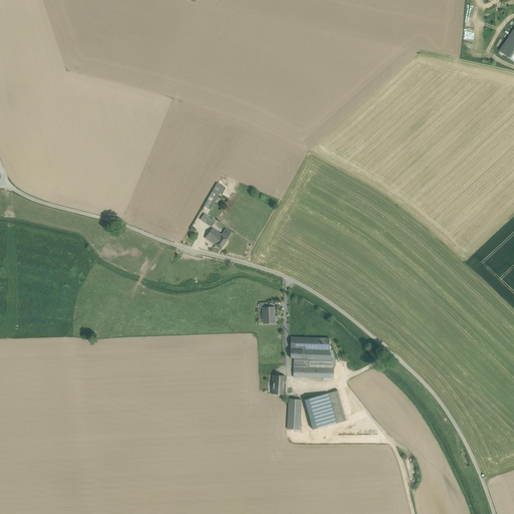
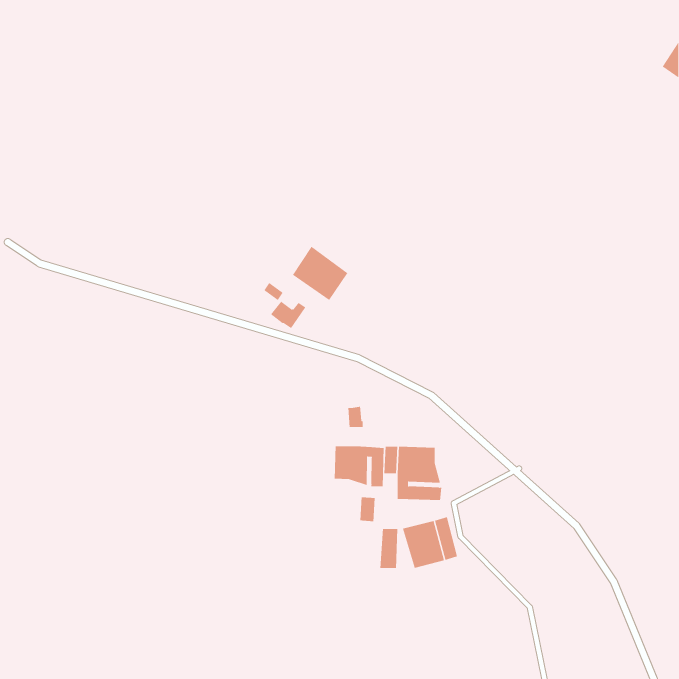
building: none -> [292,246,348,301]
building: none -> [334,446,384,487]

